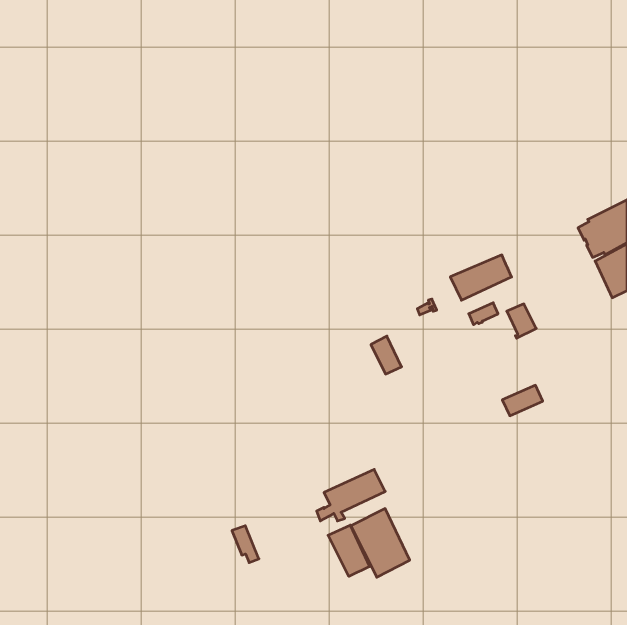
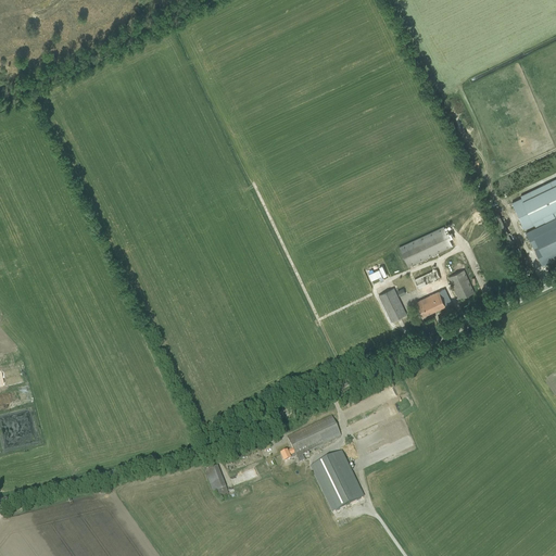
building: [371,336,402,374] -> [379,287,406,320]
building: [502,385,543,416] -> [416,288,452,315]
building: [328,525,370,576] -> none

